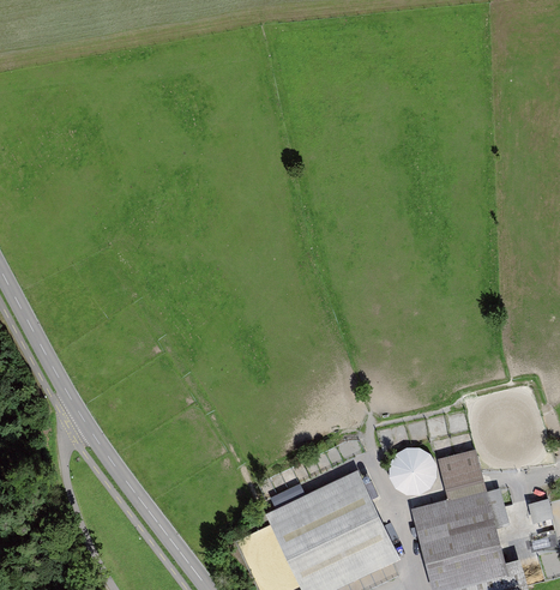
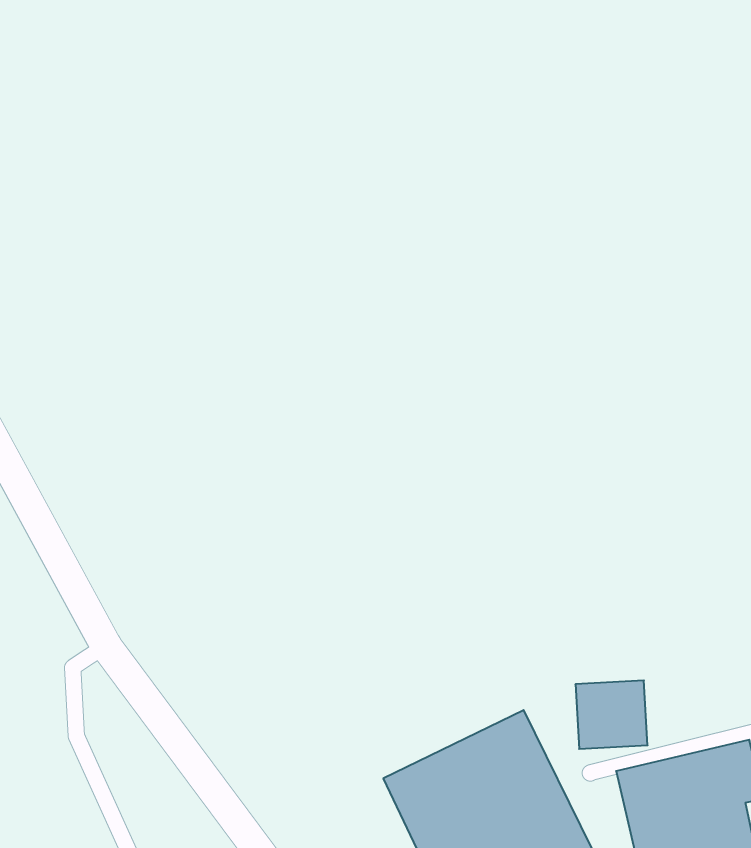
building: [435,450,482,488] -> none

